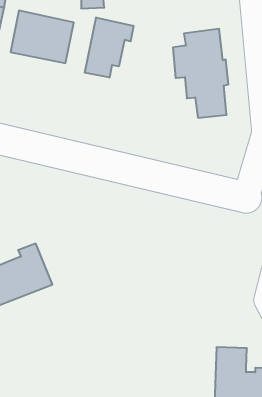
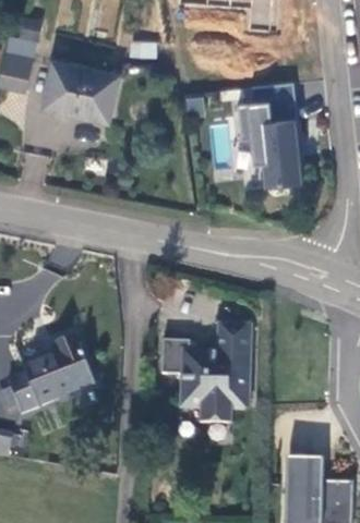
building: [85,17,133,78] -> none
building: none -> [164,321,252,423]

